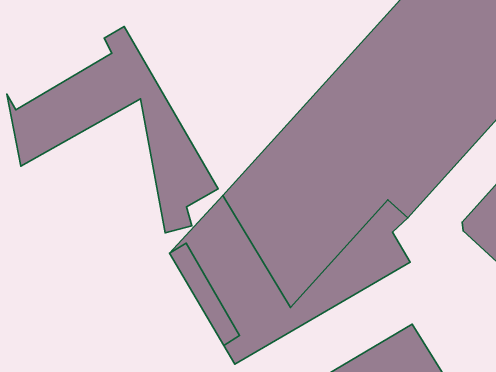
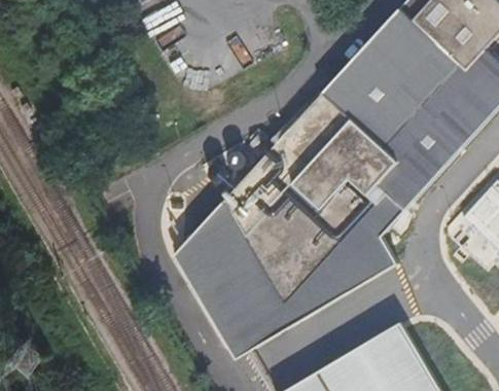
building: [7,27,218,233] -> none

